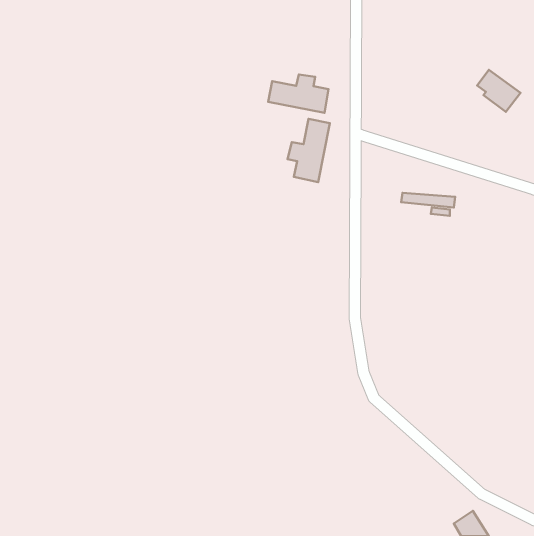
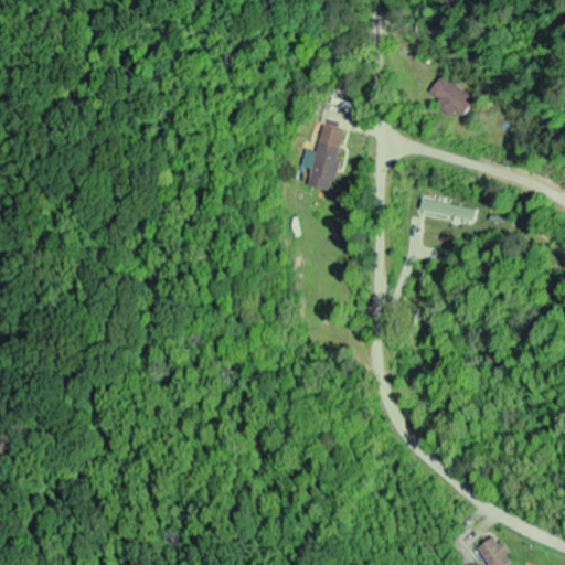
building: [477,70,520,112] -> [429,75,475,119]
building: [268,75,329,113] -> none

